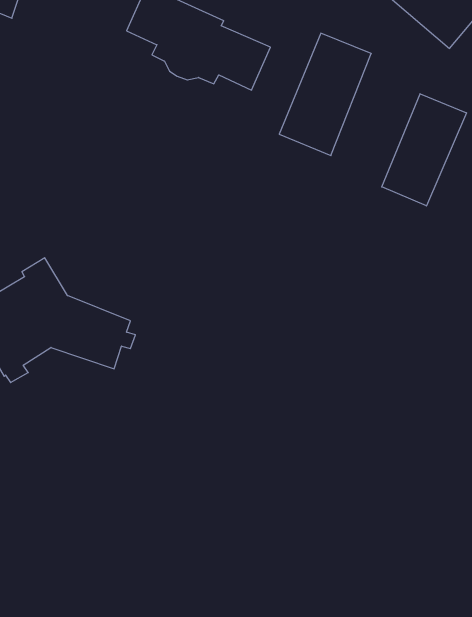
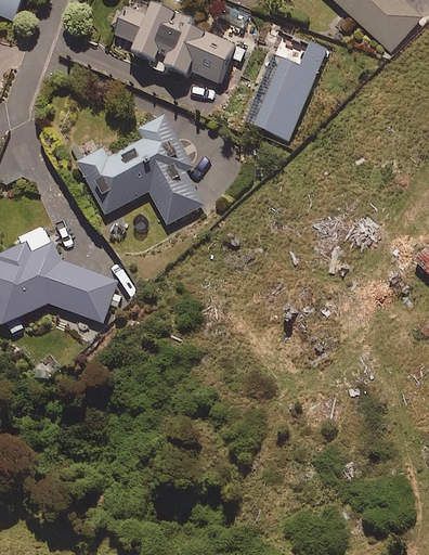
building: [382,94,466,206] -> none
building: none -> [76,114,203,223]

